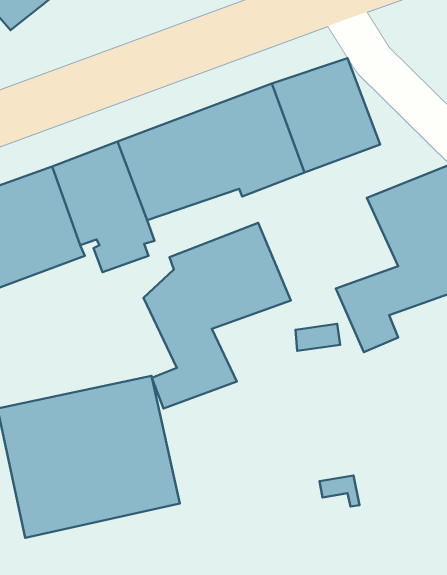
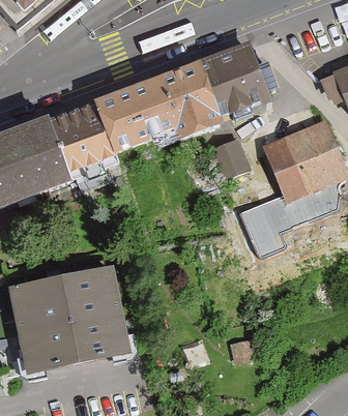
building: none -> [210,133,250,176]
building: [143,223,291,409] -> none

